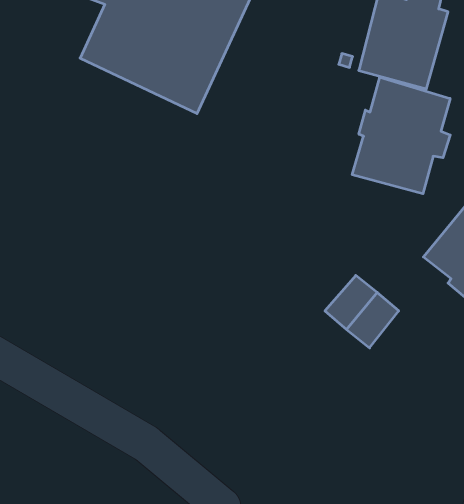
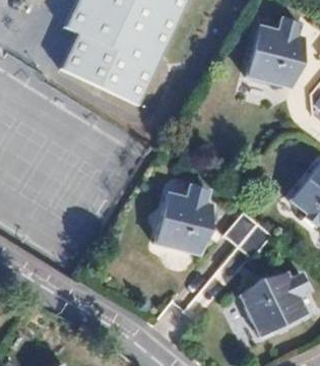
building: [352,77,450,194] -> none
building: none -> [154,185,212,255]
building: none -> [240,271,311,337]

